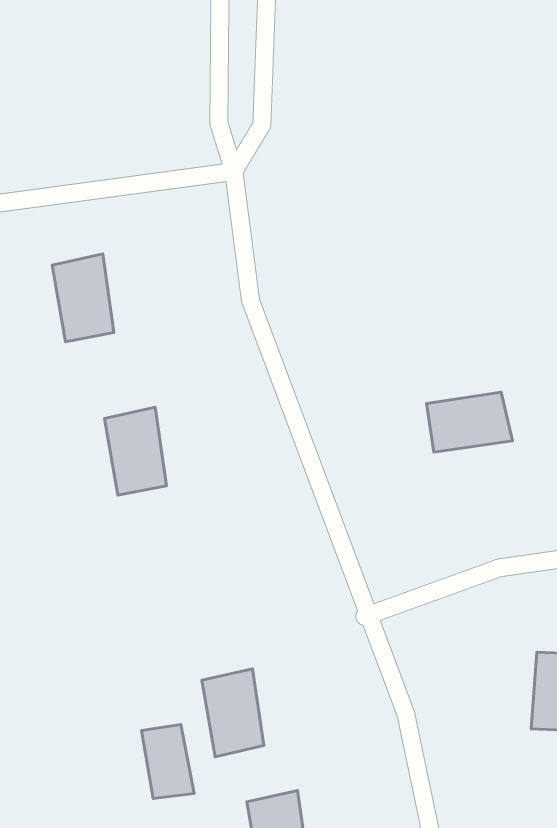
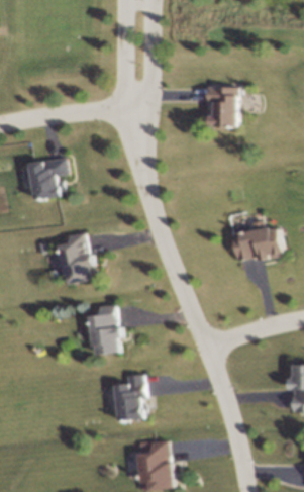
building: none -> [208,82,238,124]
building: none -> [90,311,123,359]
building: [142,725,194,798] -> none

